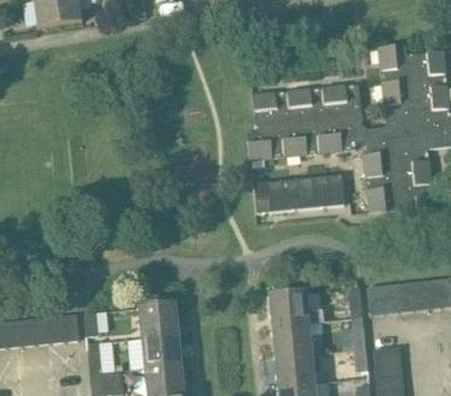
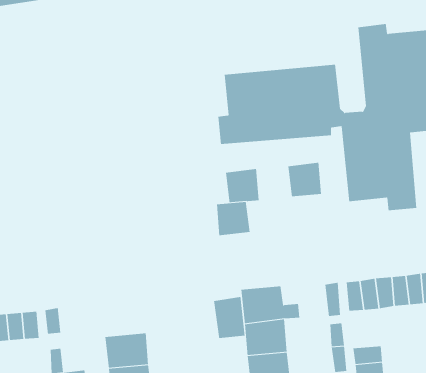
building: [284,178,316,211] -> [216,202,250,236]
building: none -> [214,296,245,339]
building: [138,304,179,339] -> none

